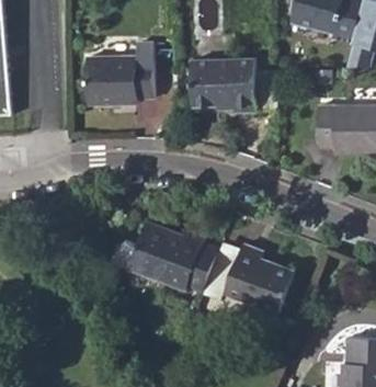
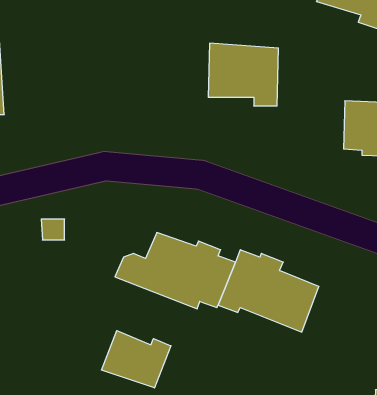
building: [88,52,155,101] -> none
building: none -> [101,331,171,388]

